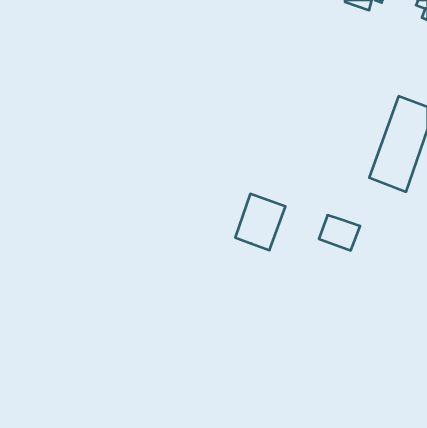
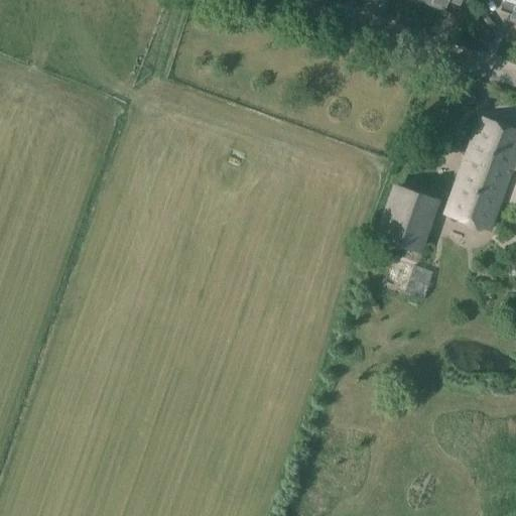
building: [235,194,285,250] -> [378,184,438,252]

